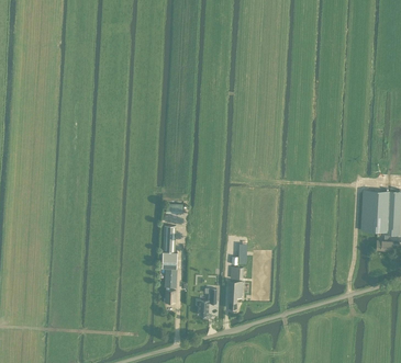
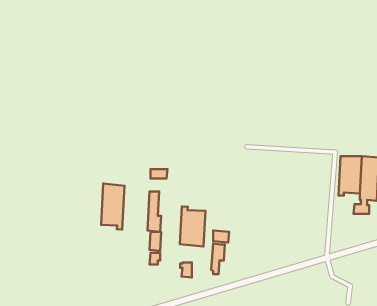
building: none -> [101,183,124,230]
building: none -> [180,206,205,246]

